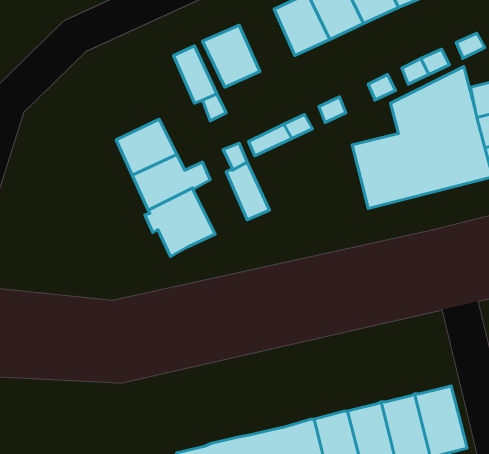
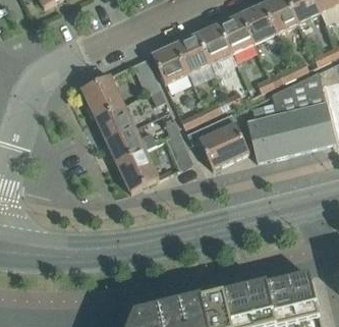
building: none -> [174,34,210,73]
building: none -> [81,74,123,117]
building: none -> [186,113,248,168]

